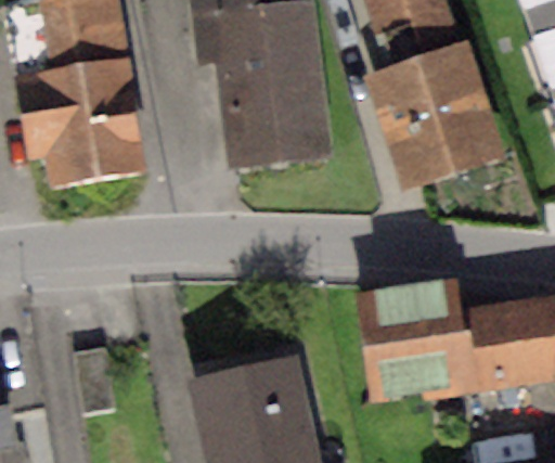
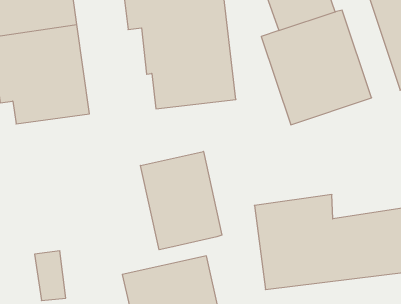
building: none -> [140,151,222,250]

